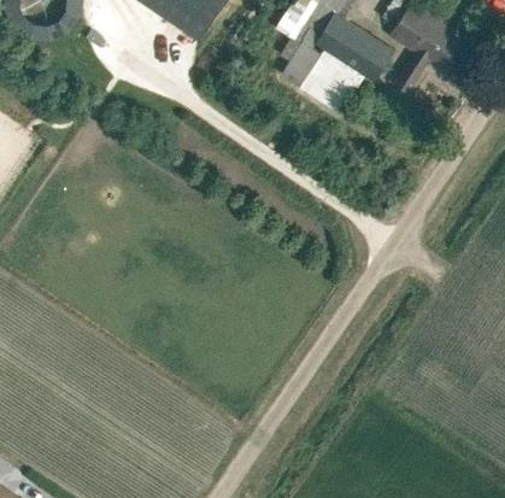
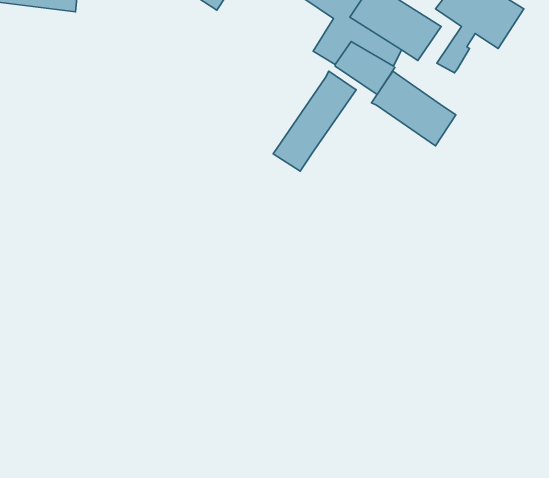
building: none -> [273,71,356,171]
building: none -> [371,71,456,146]

